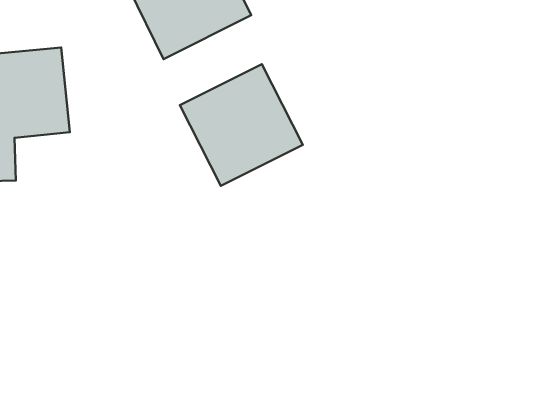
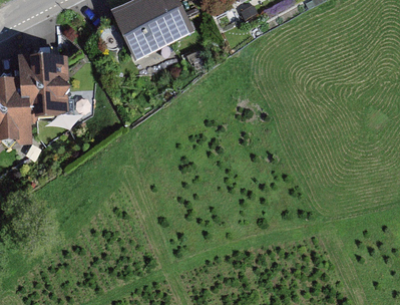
building: [180,64,303,186] -> none

